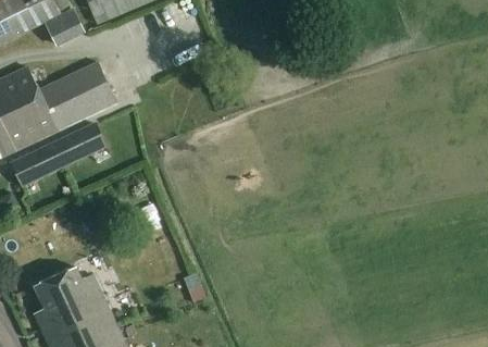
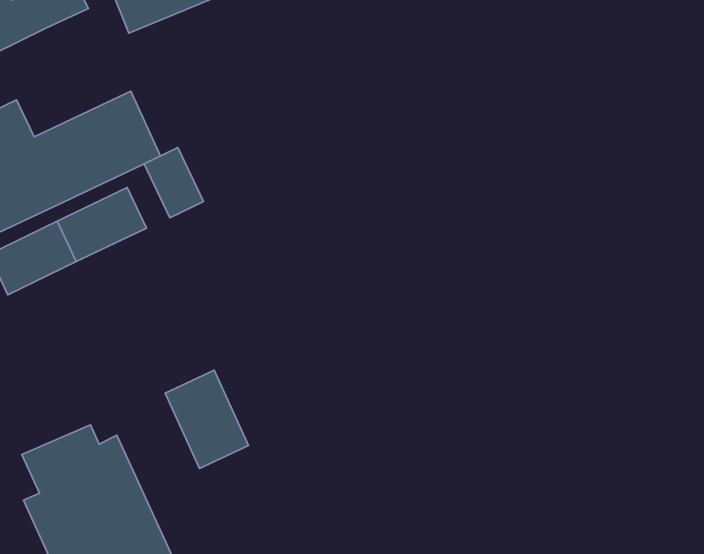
building: [45,9,85,46] -> none
building: none -> [144,148,203,218]
building: none -> [165,370,249,468]

